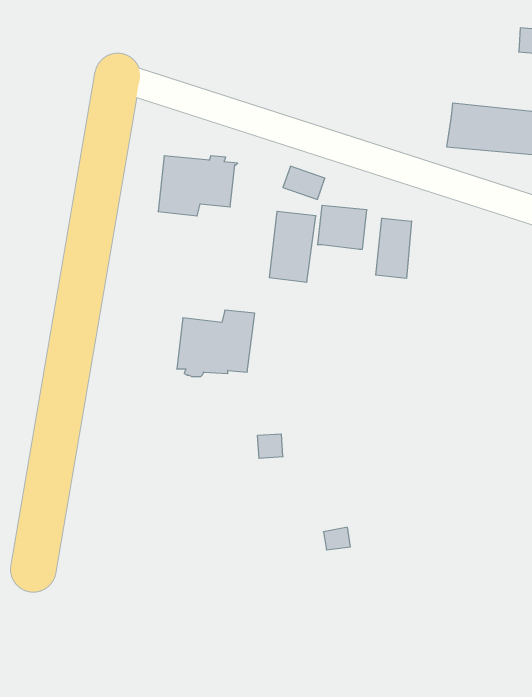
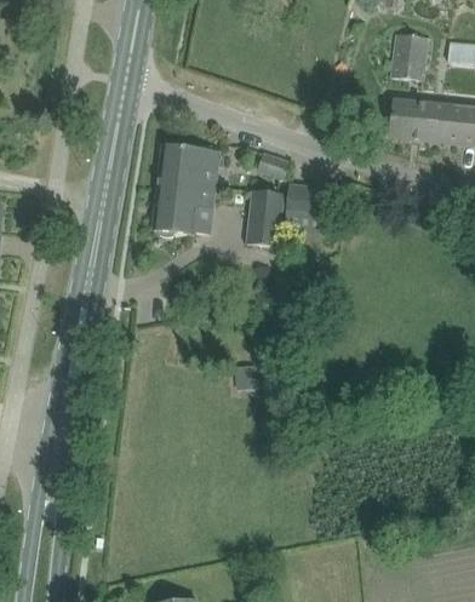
building: none -> [390,34,427,81]
building: [376,218,412,278] -> none
building: [177,310,255,377] -> [151,183,214,236]

